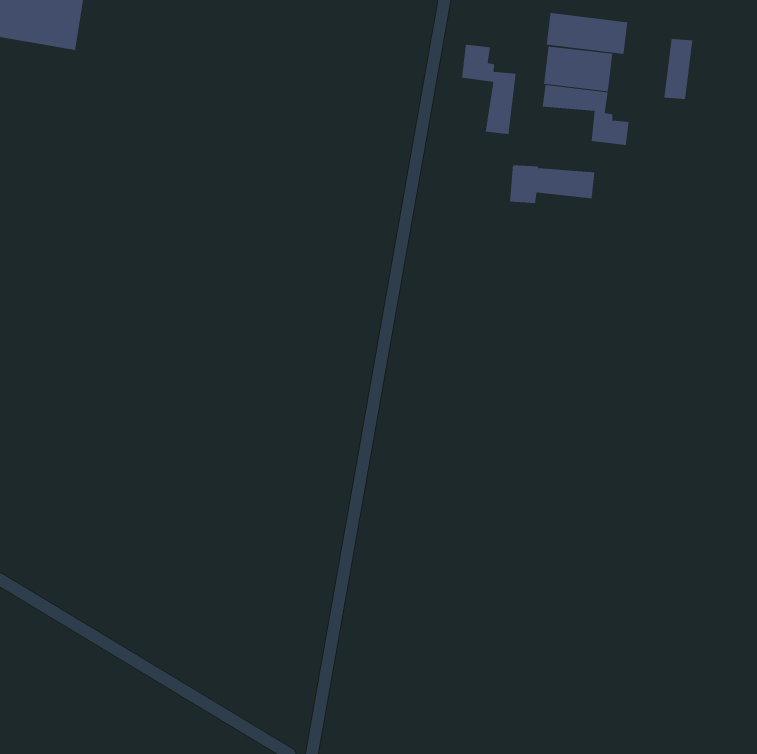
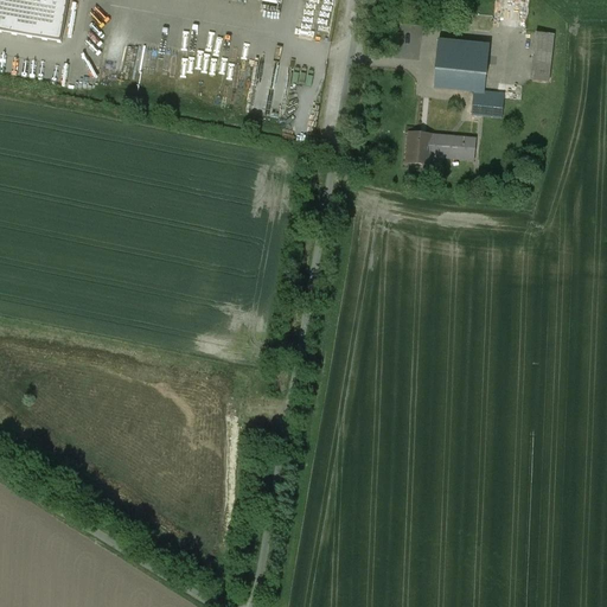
building: [546,12,628,55] -> none
building: [461,44,516,135] -> none

